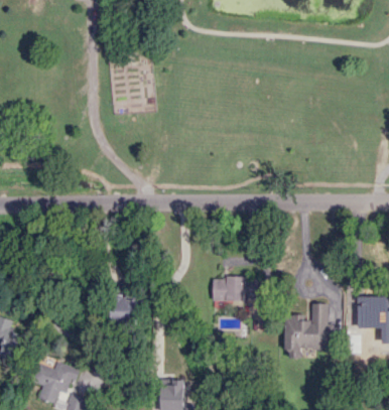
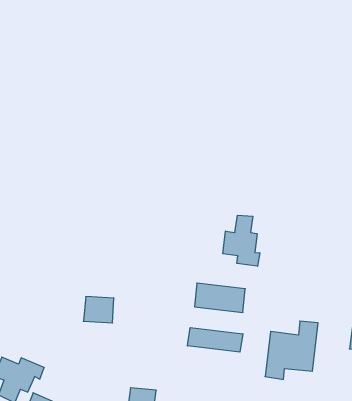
building: none -> [223,215,260,266]
building: none -> [187,328,243,352]

